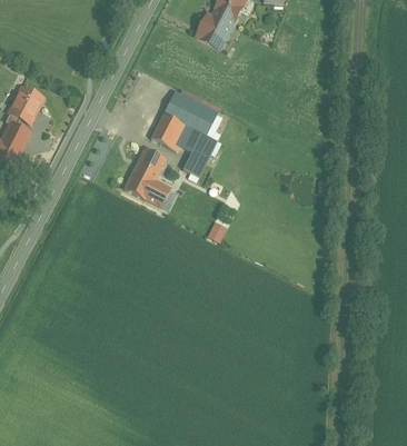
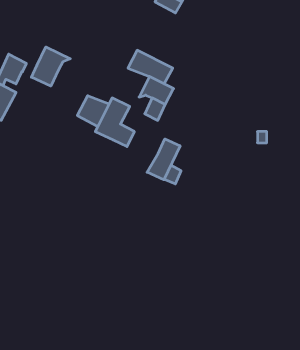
building: none -> [31,47,70,86]
building: [152,108,190,145] -> [77,96,109,127]
building: none -> [147,139,180,180]

